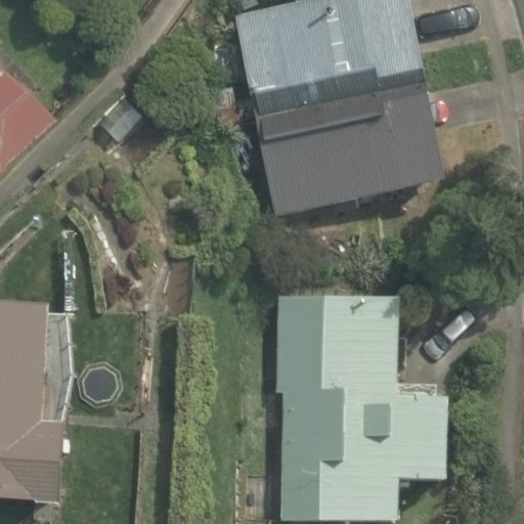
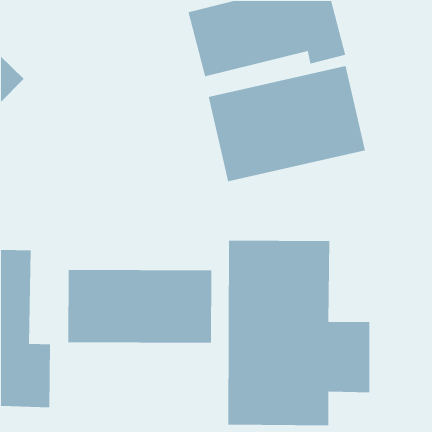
building: none -> [67,269,212,344]

